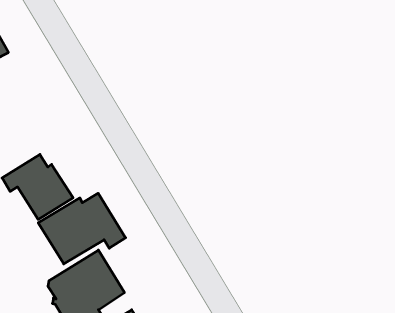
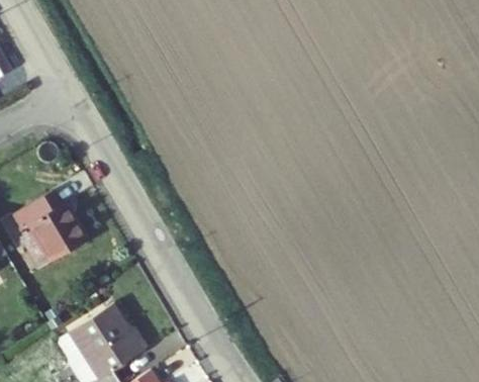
building: [38,193,126,264] -> none

